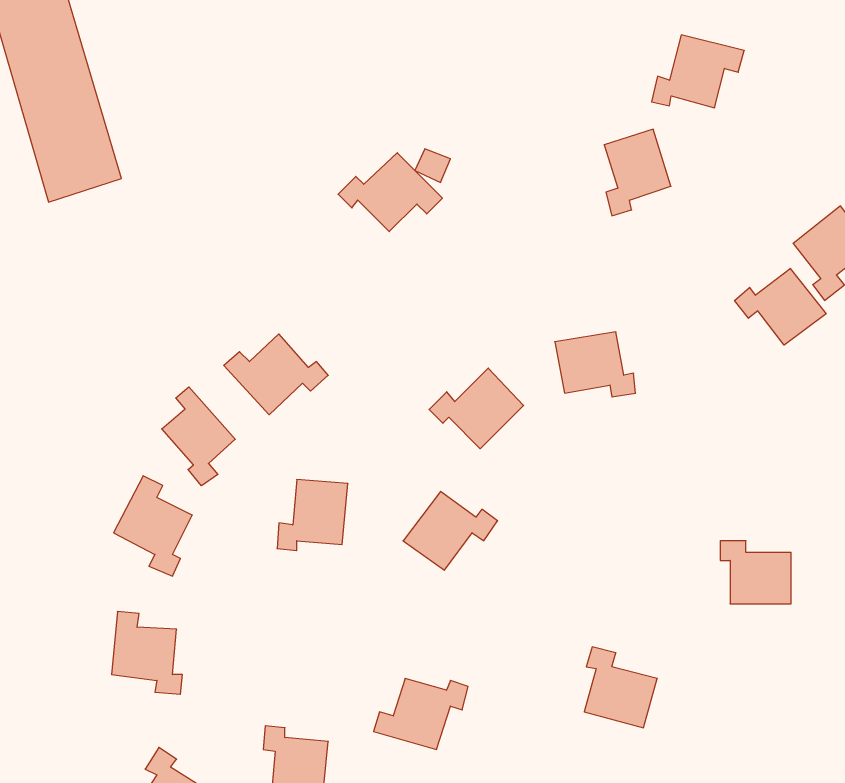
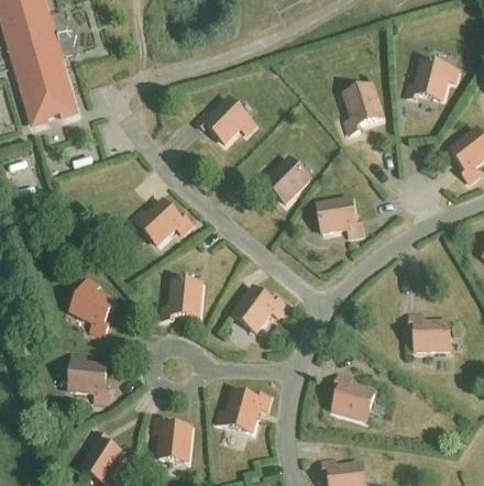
building: [652,35,744,108] -> [406,59,458,100]
building: [735,268,826,345] -> none
building: [429,368,524,449] -> [256,157,309,202]
building: [162,387,235,486] -> none

